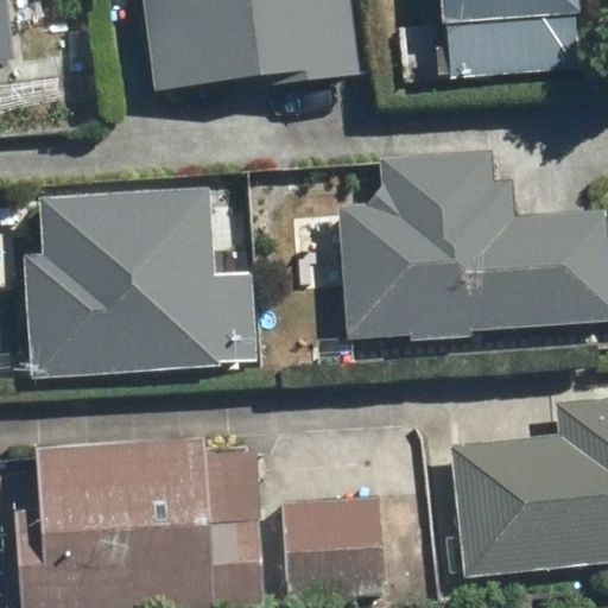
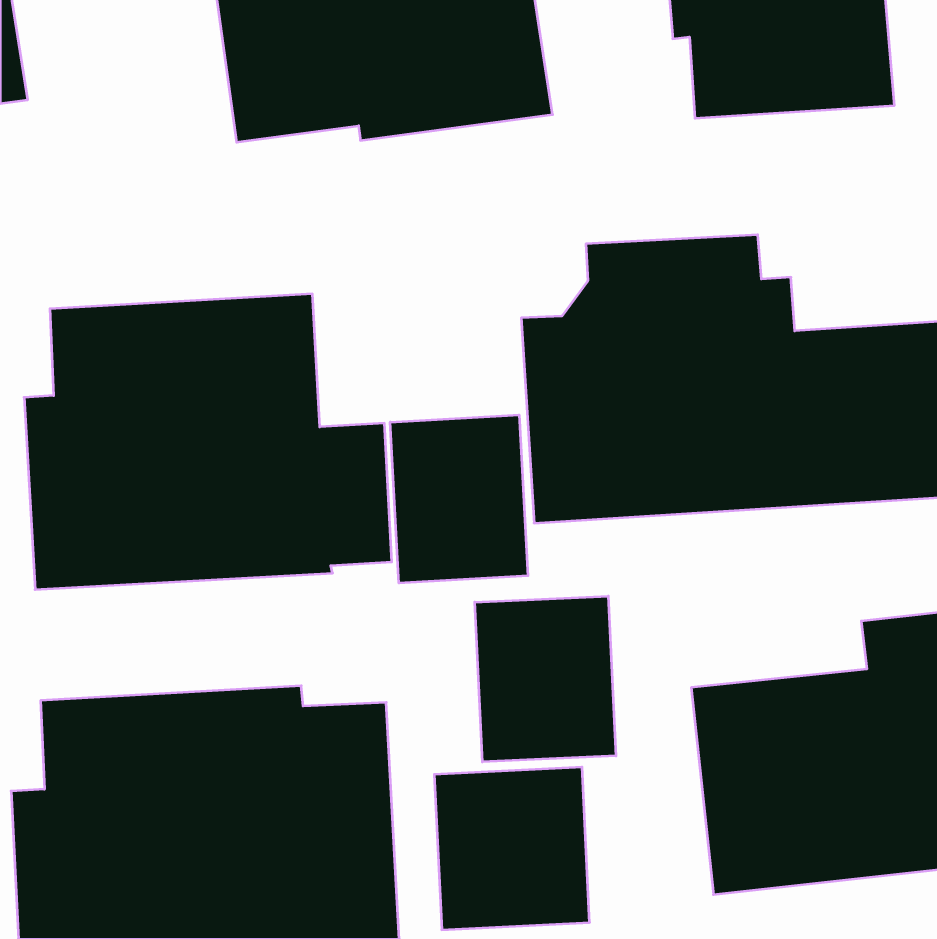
building: none -> [390,415,528,583]
building: none -> [475,596,616,762]

